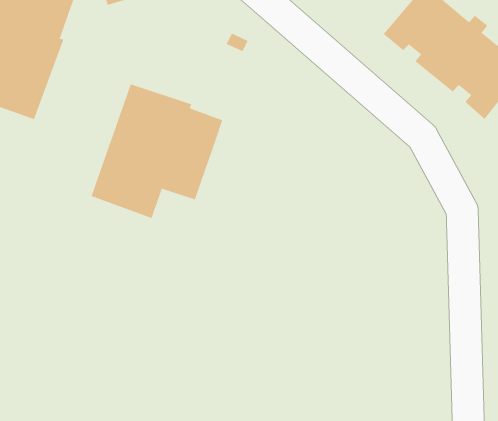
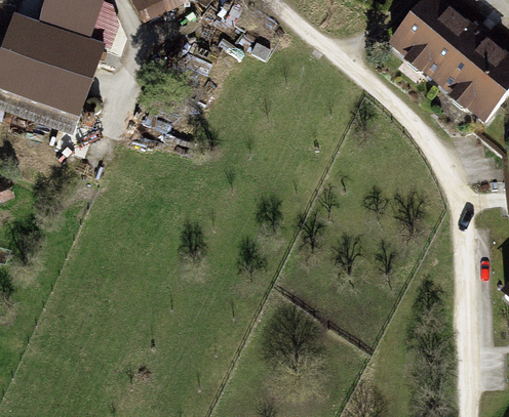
building: [91,84,223,219] -> none

